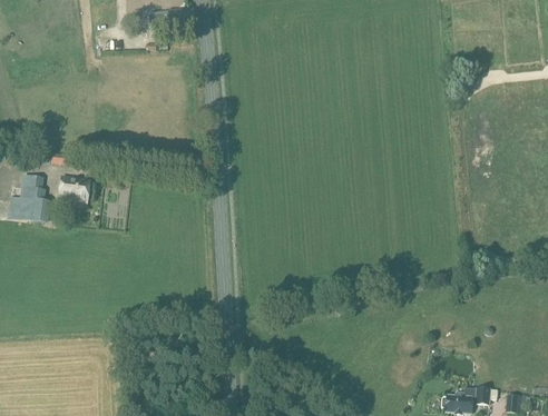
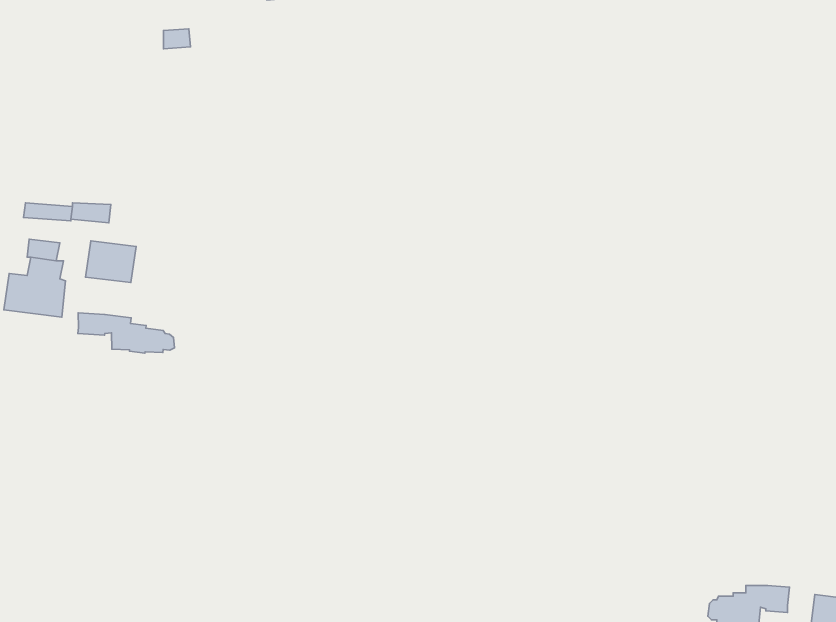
building: none -> [78,313,175,353]

